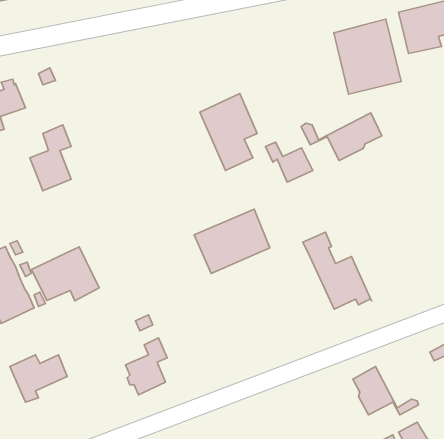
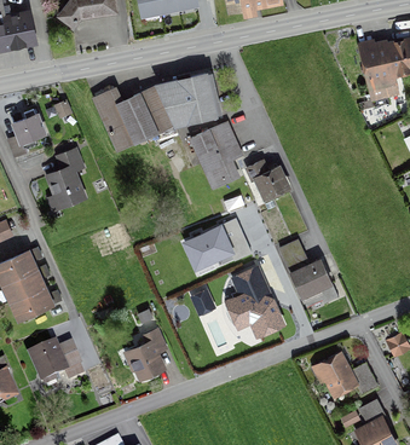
building: [334,19,401,94] -> none
building: none -> [93,74,215,151]
building: [301,113,382,161] -> none
building: [32,247,99,301] -> none
building: none -> [226,266,284,336]

